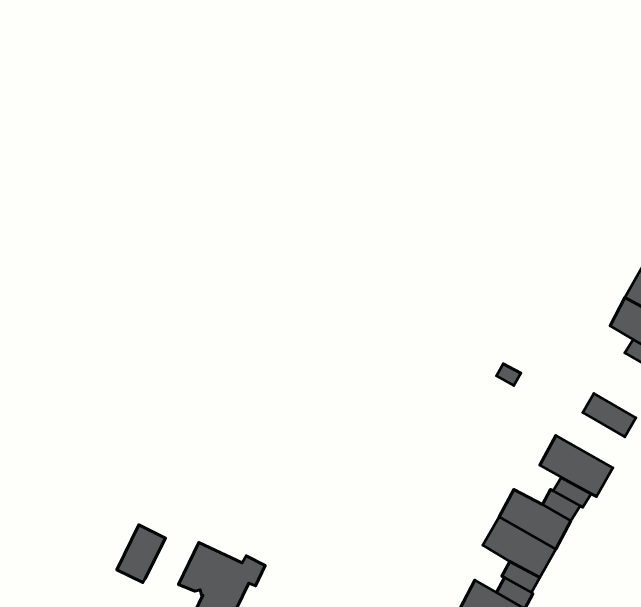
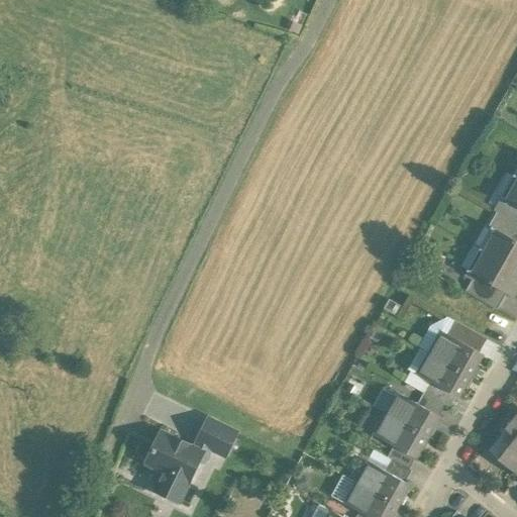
building: none -> [426,330,481,376]
building: none -> [195,417,236,455]
building: [117,525,166,583] -> none

